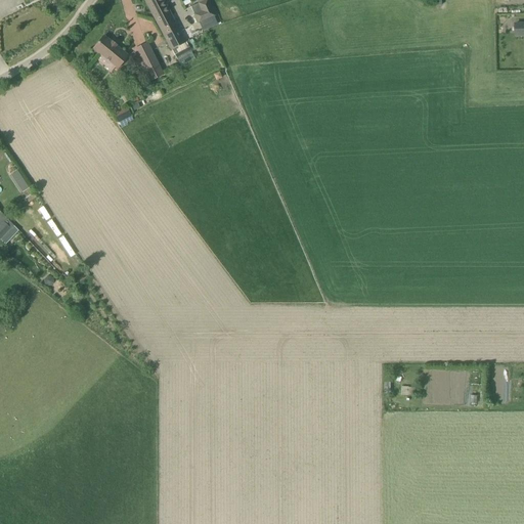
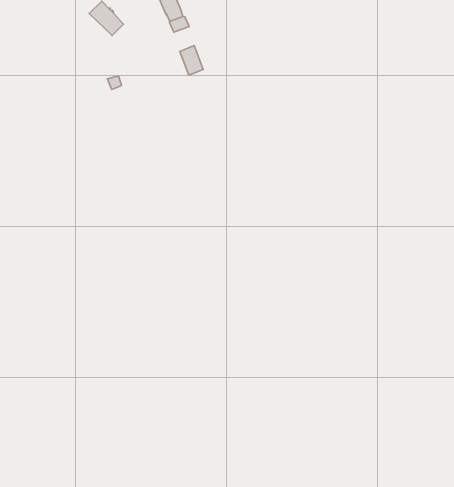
building: [134,42,159,72] -> [180,46,203,75]

